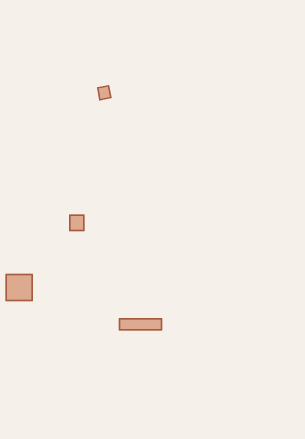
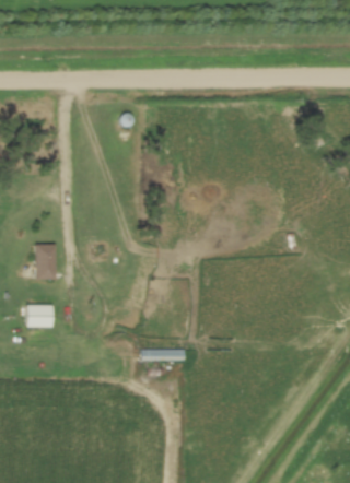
building: none -> [35,245,56,279]

